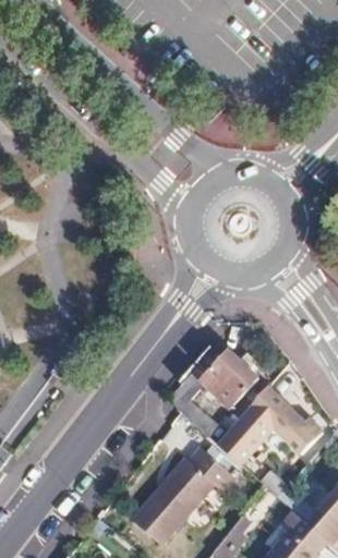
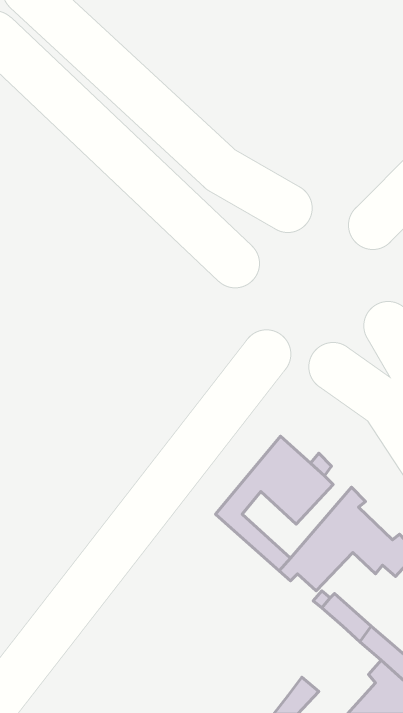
building: [130,448,231,545] -> none

